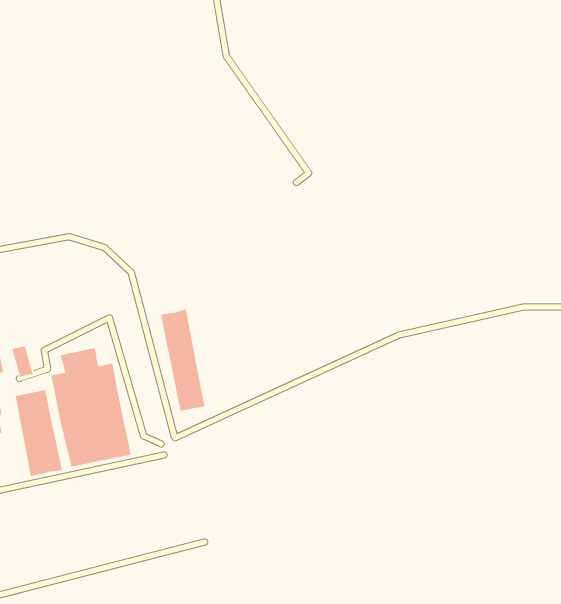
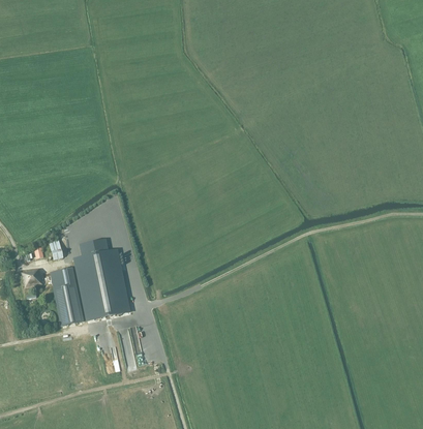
building: [160,309,205,412] -> none

